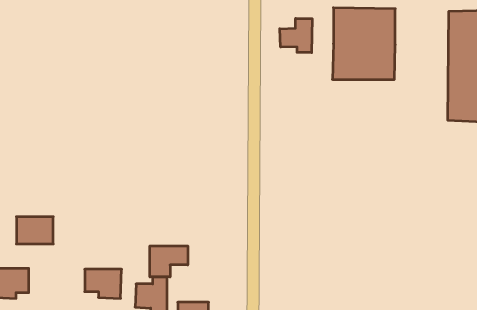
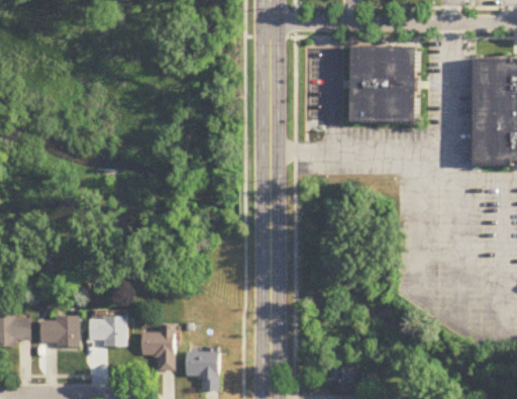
building: [280,18,312,53] -> none
building: [16,217,53,244] -> [41,317,80,345]
building: [150,246,188,277] -> none

